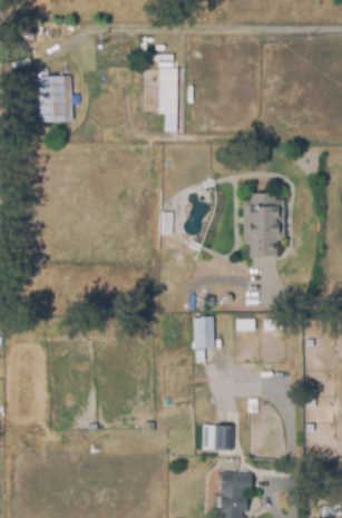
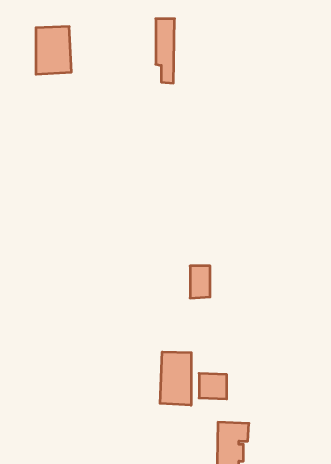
building: [243,190,284,256] -> none
building: none -> [160,352,191,405]

